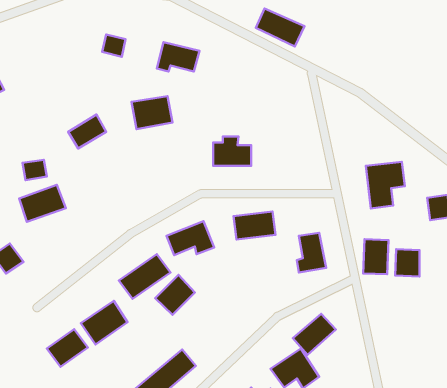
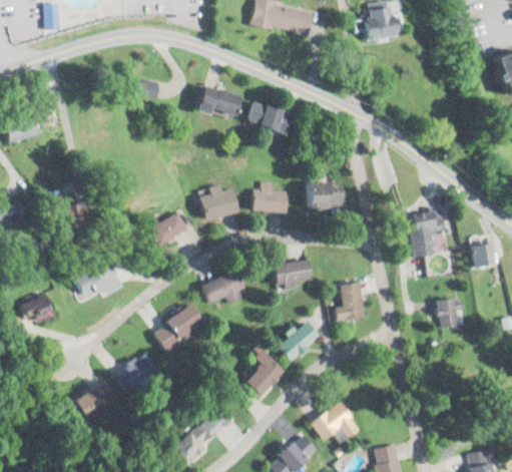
building: [256,9,304,46] -> [244,98,295,137]
building: [132,96,172,129] -> [198,185,240,219]
building: [68,114,106,148] -> [145,211,184,247]
building: none -> [305,181,347,208]
building: [19,185,66,222] -> [74,262,122,300]
building: [363,239,388,274] -> none
building: [155,275,195,315] -> [242,355,284,396]
building: [293,314,336,355] -> [277,320,321,362]

